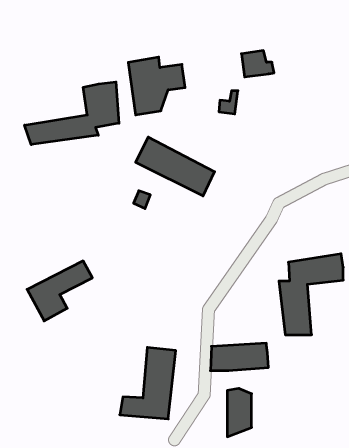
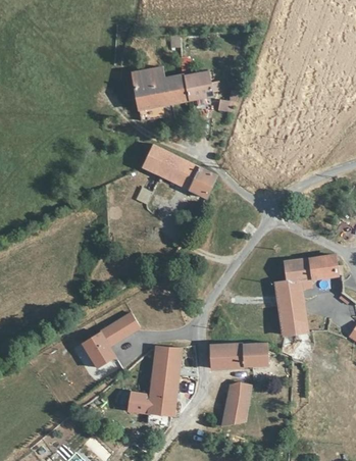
building: [241,51,274,77] -> [183,67,214,93]
building: [25,82,119,145] -> none
building: [27,261,92,321] -> [79,319,142,377]

